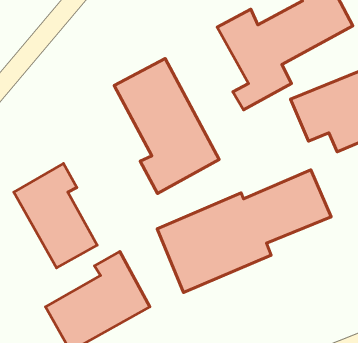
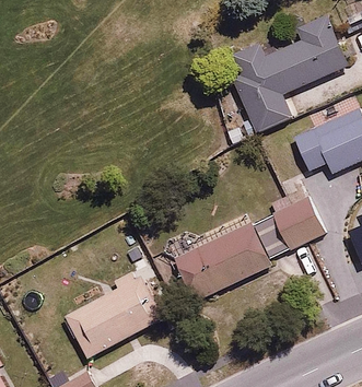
building: [114,59,219,194] -> none
building: [14,163,97,268] -> none

